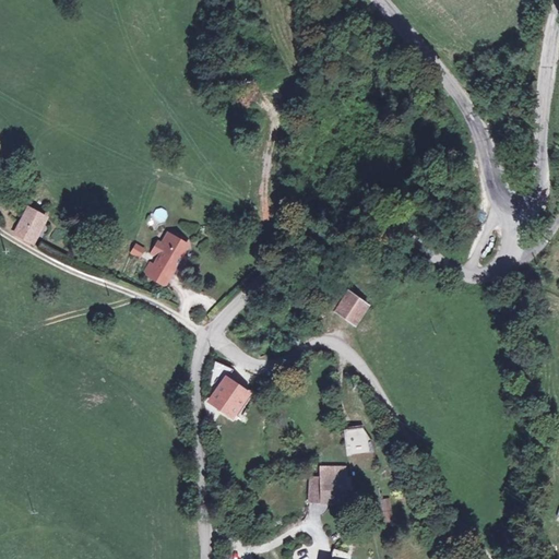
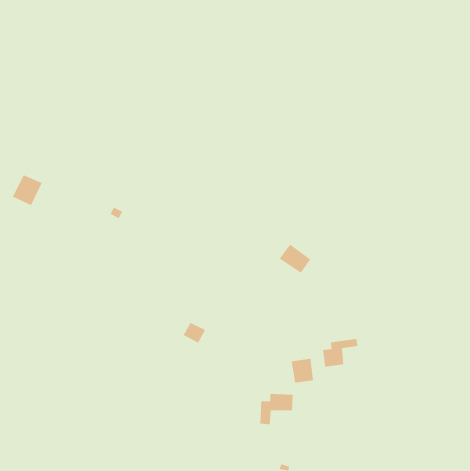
building: [139,231,192,292] -> none
building: none -> [323,338,358,368]

